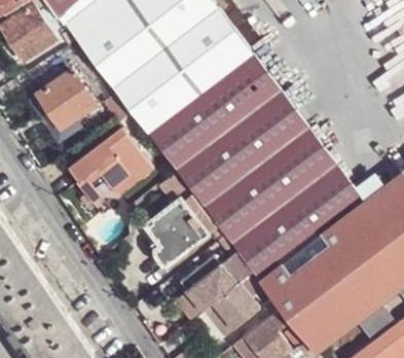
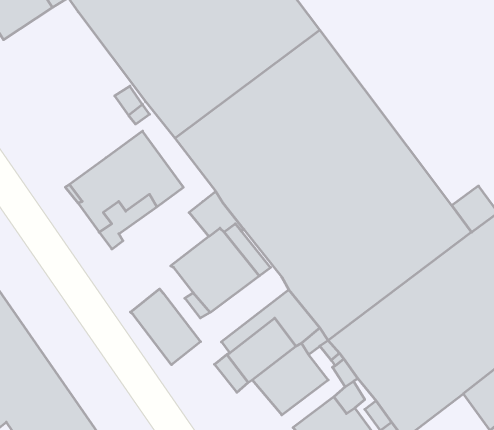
building: [36,70,94,128] -> none
building: none -> [130,289,201,365]

